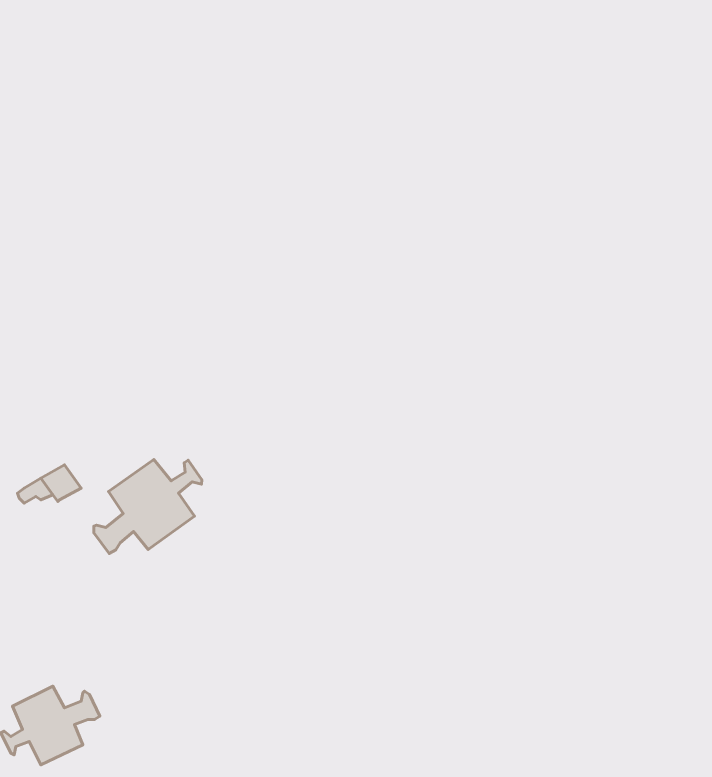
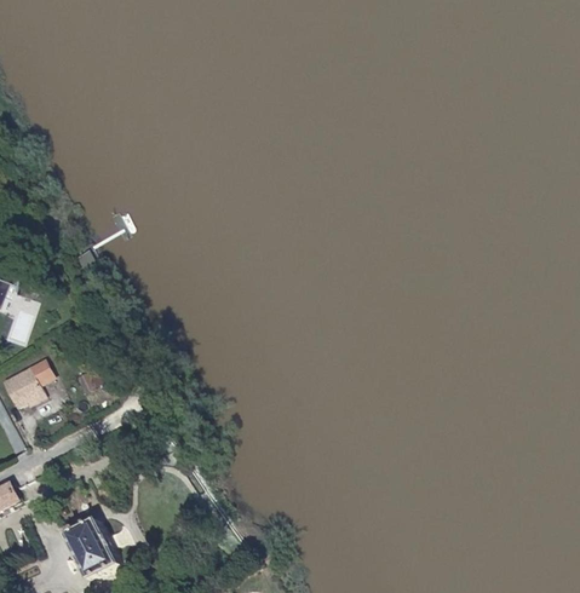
building: [94,460,202,553] -> none

